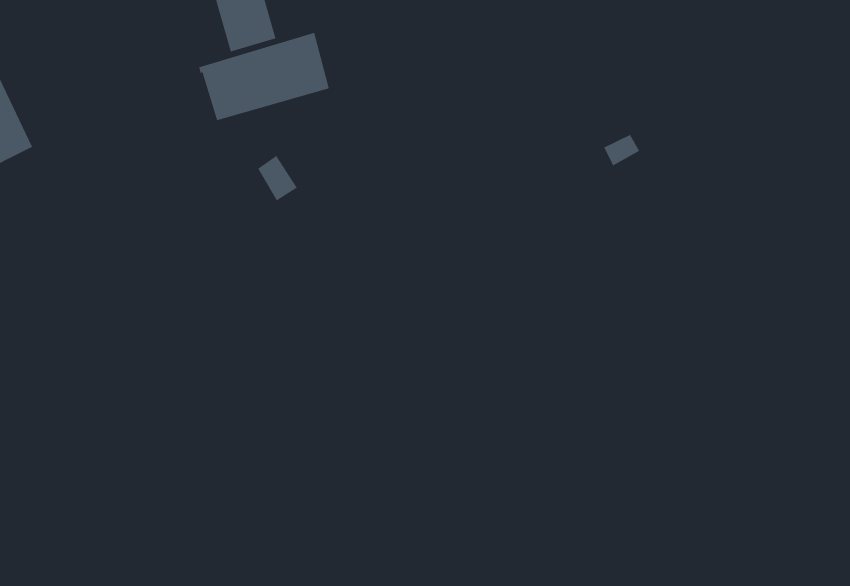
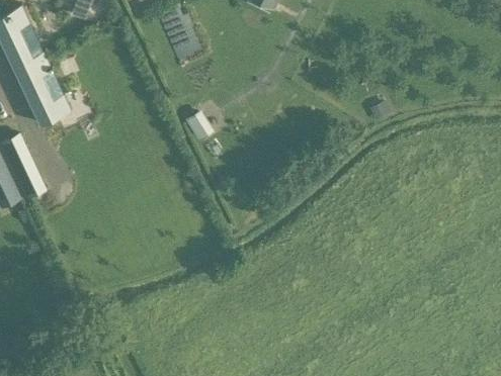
building: [198,32,330,121] -> none

